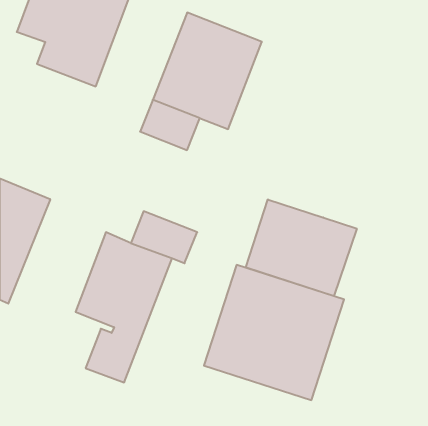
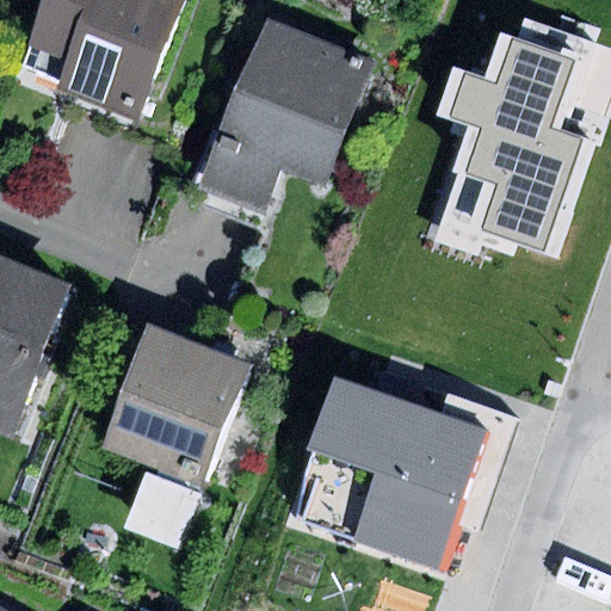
building: none -> [432,31,595,257]
building: [246,199,357,296] -> none

